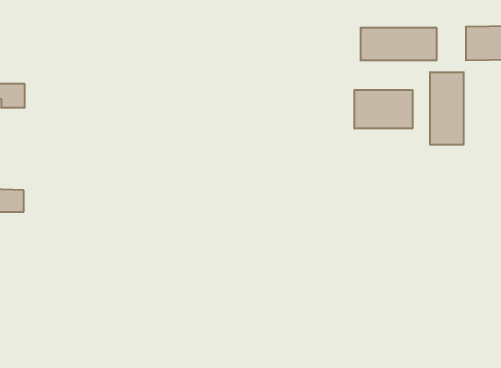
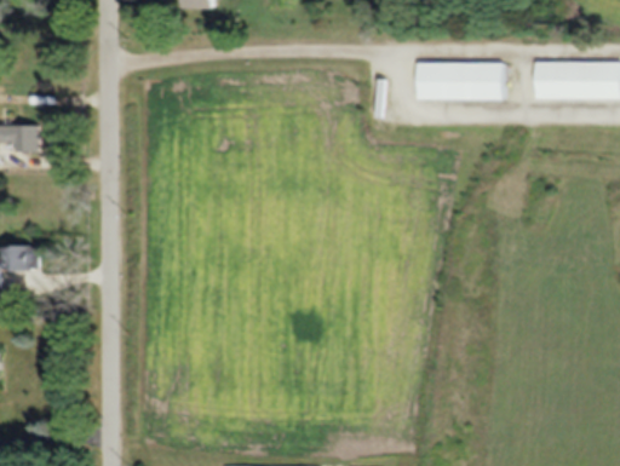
building: [430,72,464,145] -> none
building: [354,90,412,129] -> none

